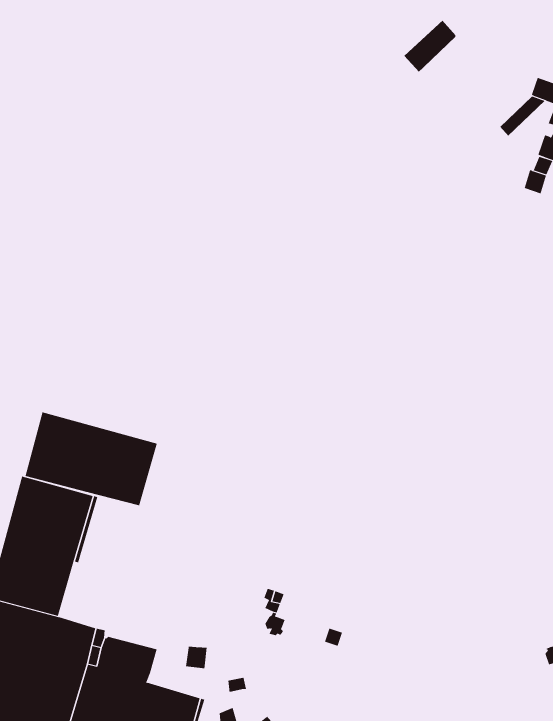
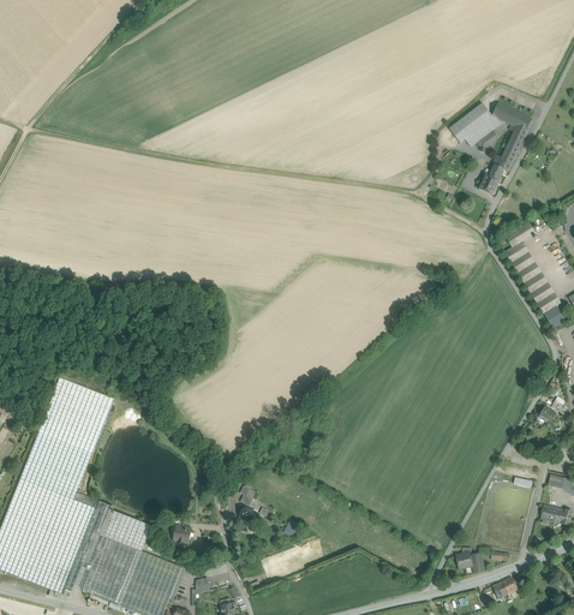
building: [403,20,456,72] -> [448,103,491,143]
building: [25,411,157,506] -> none

